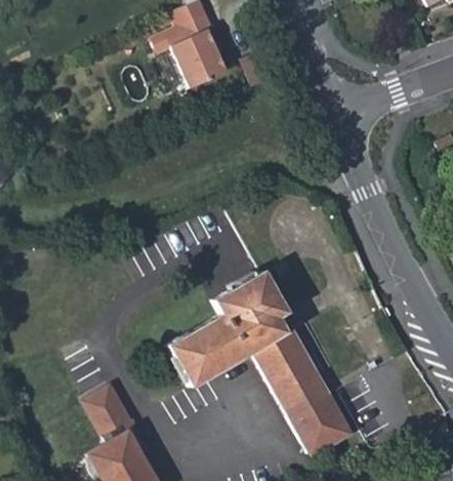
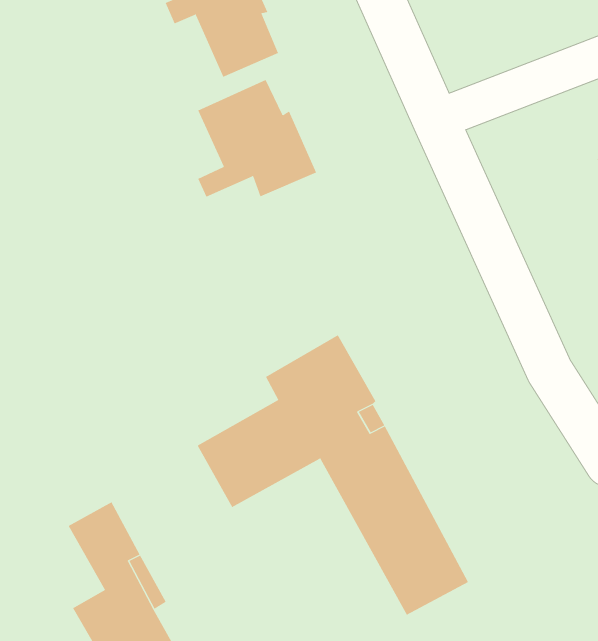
building: none -> [197,79,317,198]

